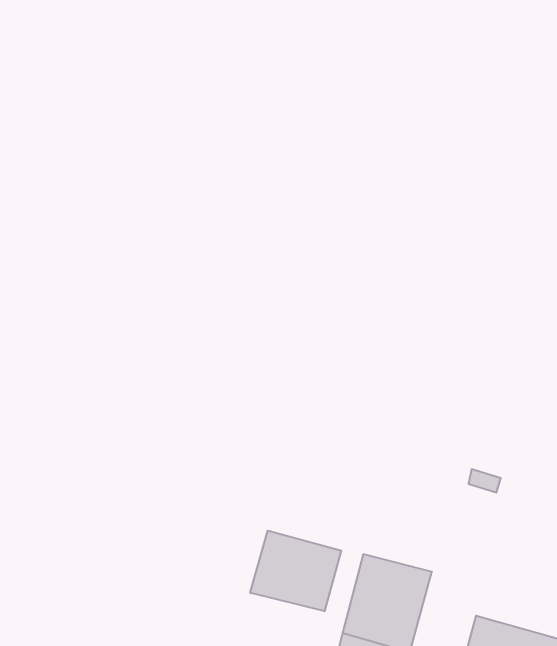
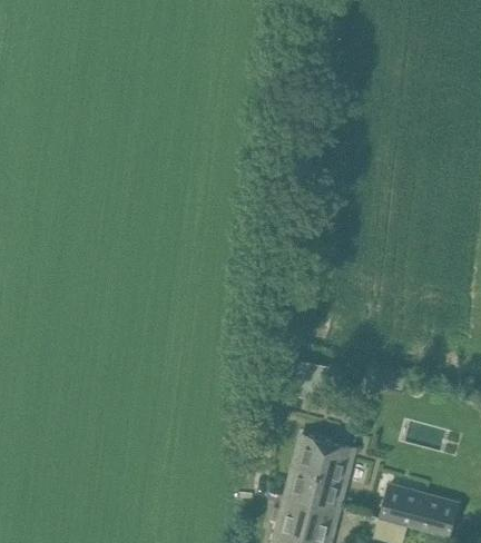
building: [250,531,341,611] -> none

